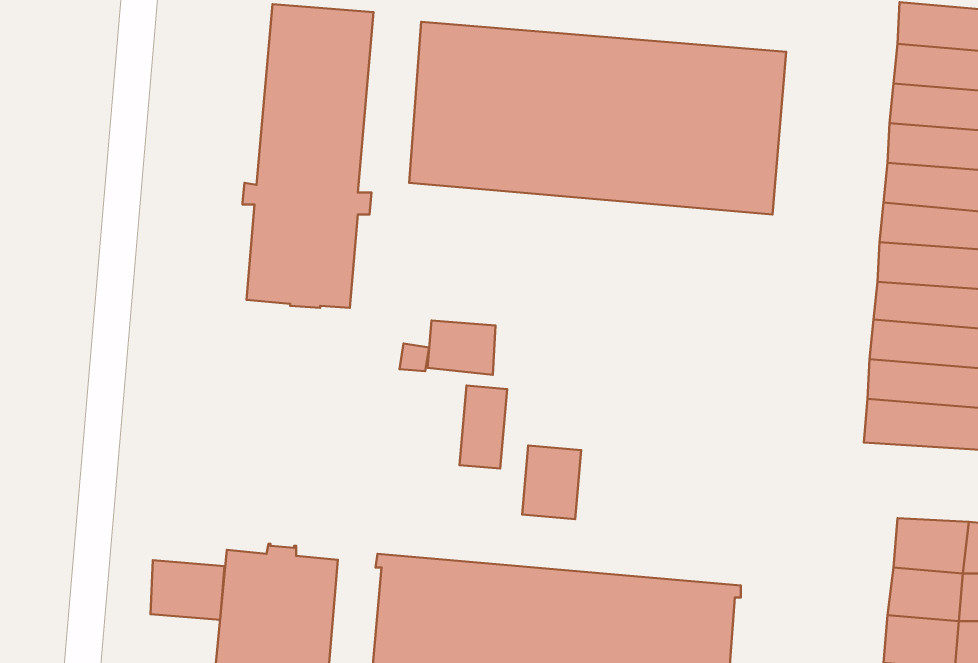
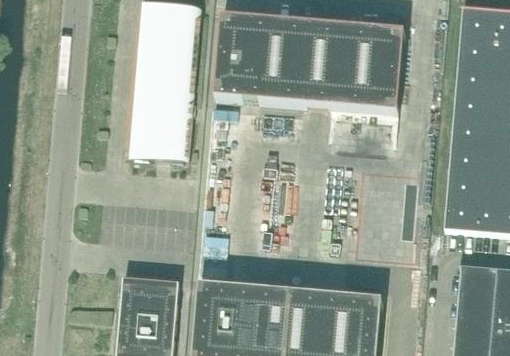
building: [427,320,495,375] -> none
building: [460,385,507,469] -> none
building: [522,445,581,519] -> none
building: [150,560,225,620] -> none

